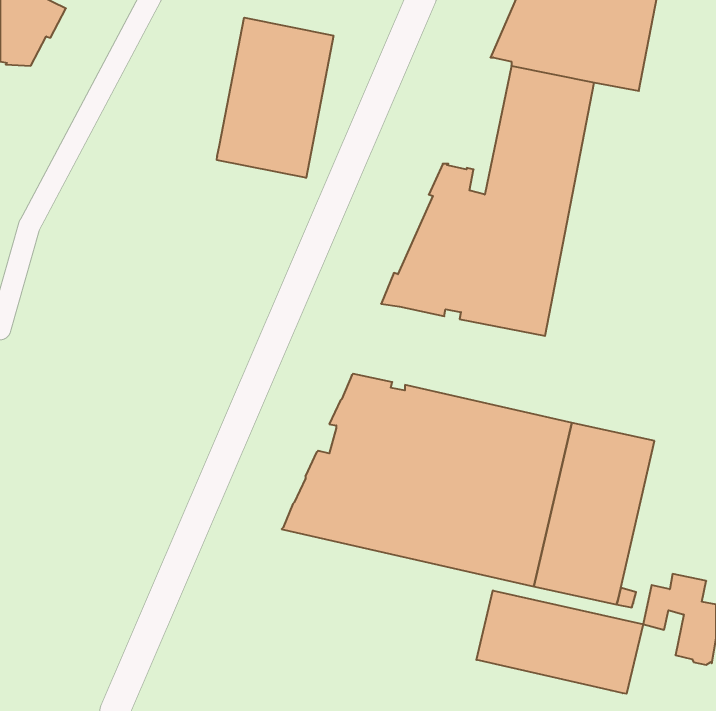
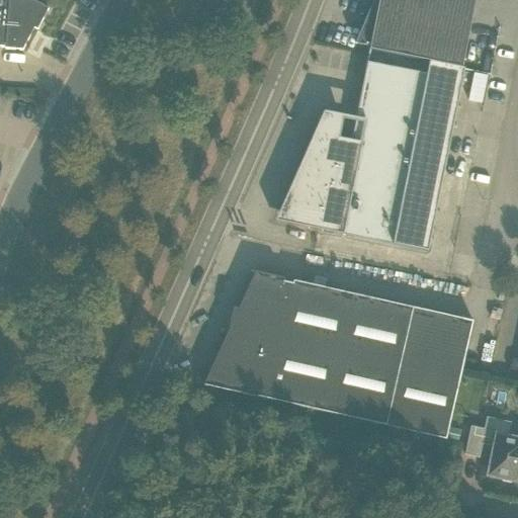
building: [217,18,333,178] -> none
building: none -> [394,60,464,249]
building: [476,590,643,694] -> none

